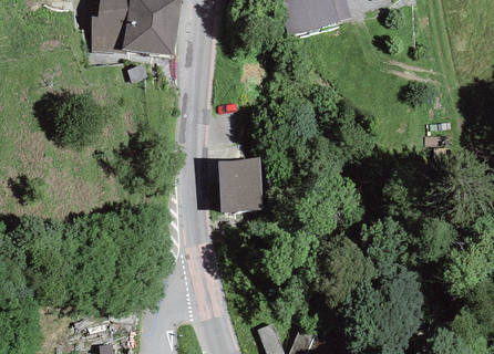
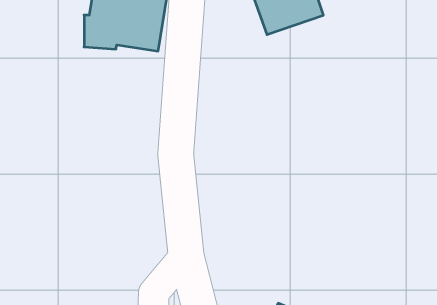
building: [218,159,264,211] -> none

